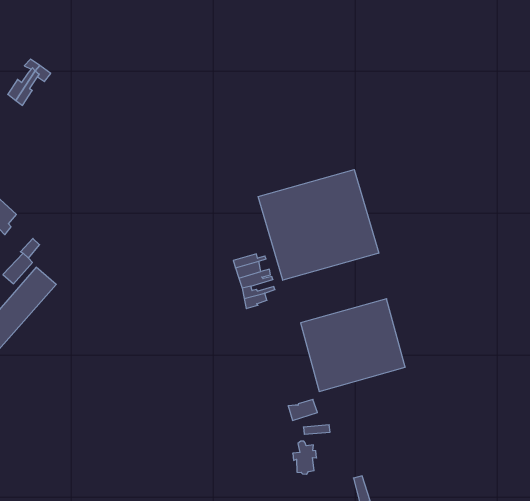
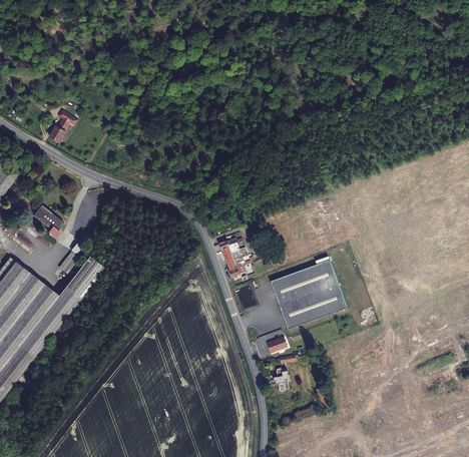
building: [258,170,379,280] -> none

